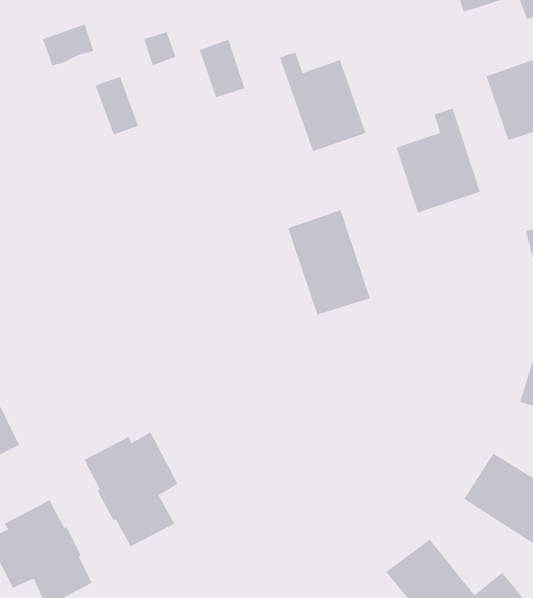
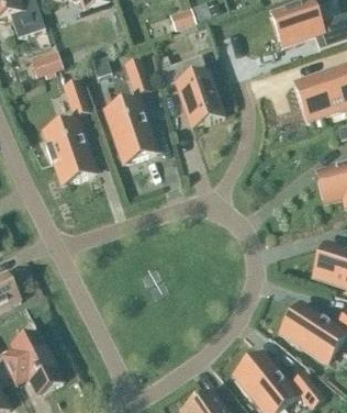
building: [396,107,481,214] -> none
building: none -> [45,120,94,182]
building: [287,209,371,316] -> [107,99,156,161]
building: [84,431,178,547] -> none

